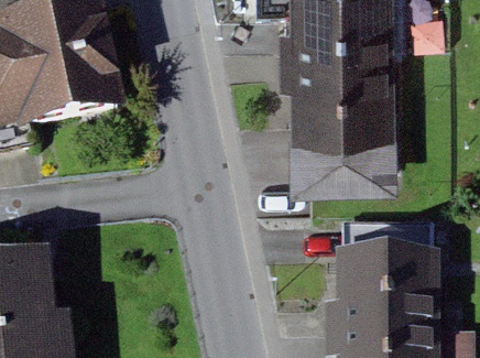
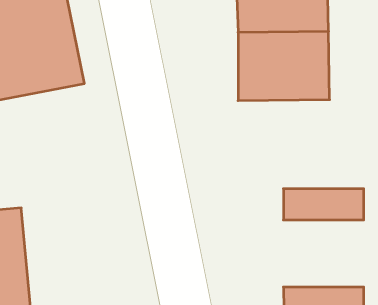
building: [291,126,392,181] -> none
building: [340,258,428,332] -> none

